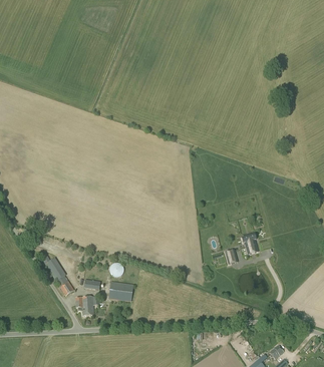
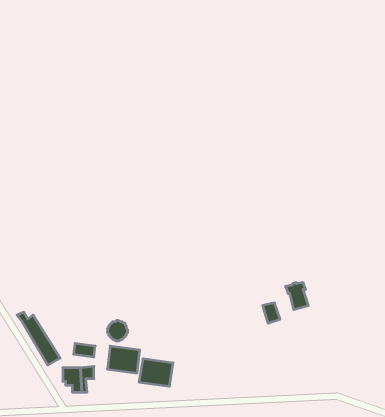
building: none -> [139,359,173,386]

